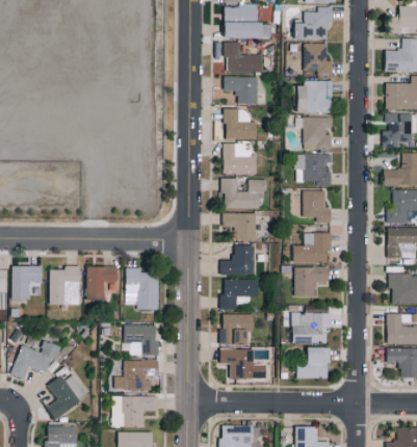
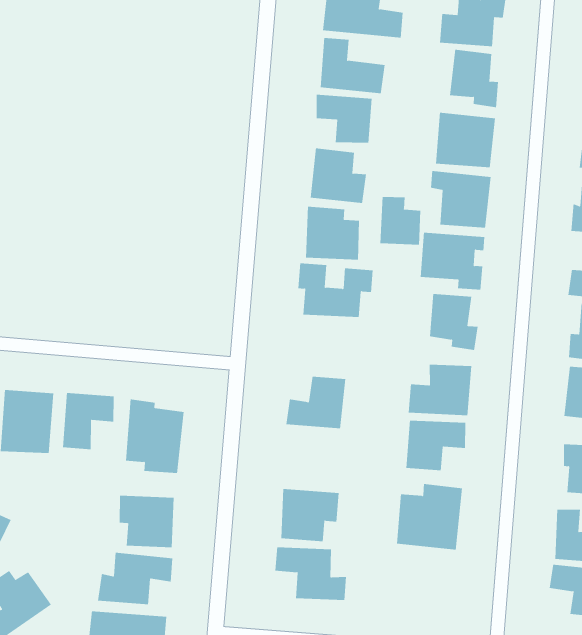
building: none -> [380,196,421,245]
building: [223,212,257,240] -> none
building: [220,279,259,310] -> none
building: [296,346,330,378] -> none

